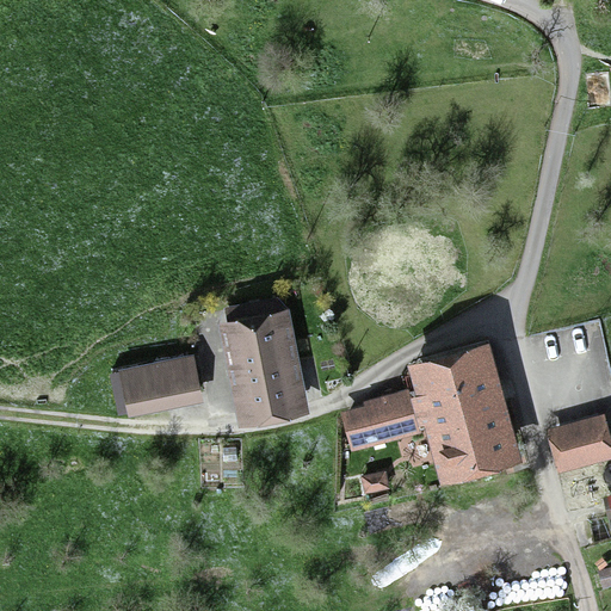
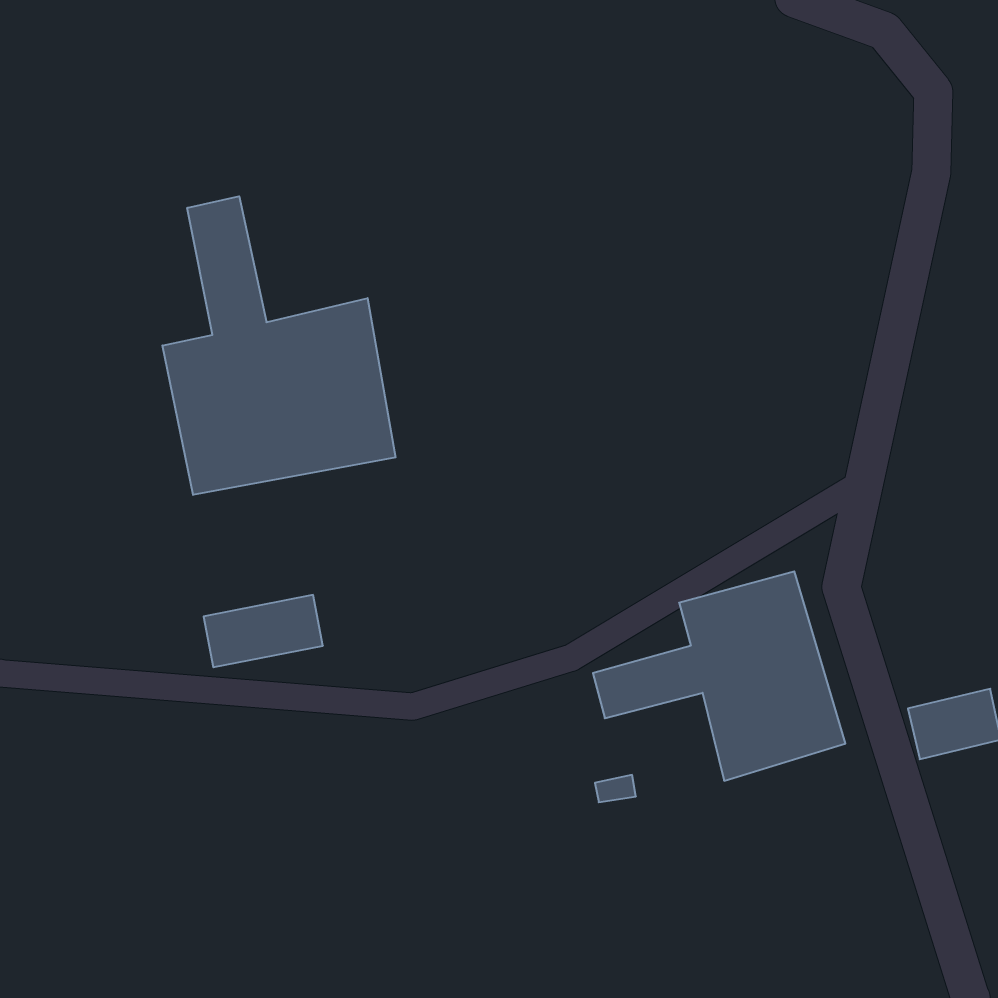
building: none -> [162,196,396,495]
building: [223,297,298,416] -> none

